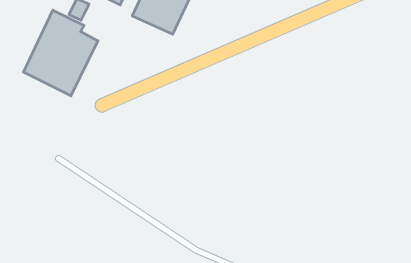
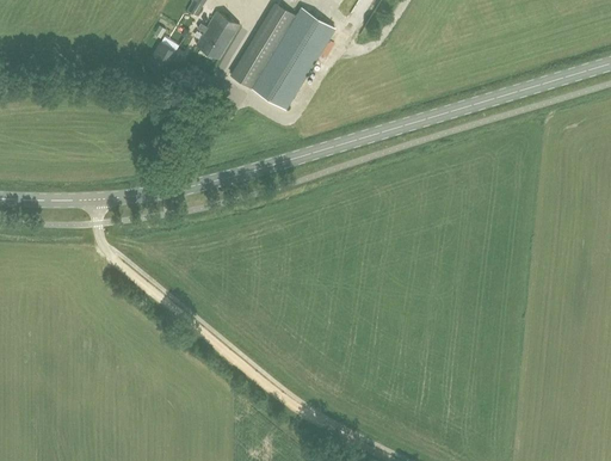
building: [23,10,98,96] -> none

